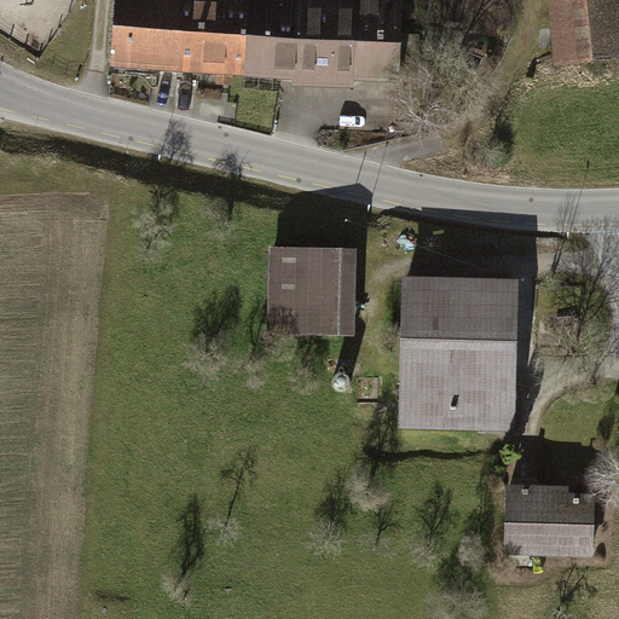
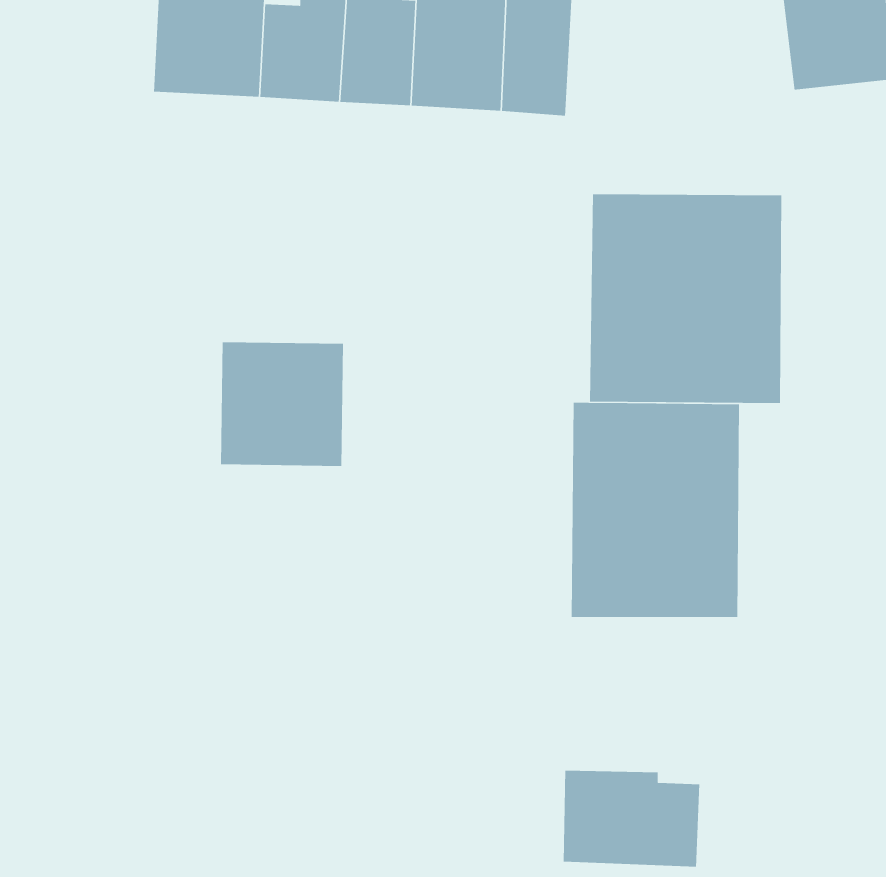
building: none -> [589,193,782,404]
building: [270,249,355,336] -> [220,341,344,467]
building: [503,485,598,553] -> [563,770,700,867]

